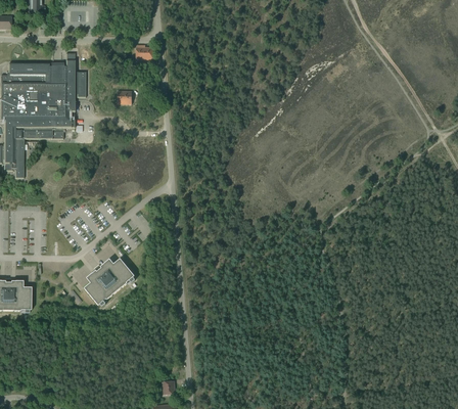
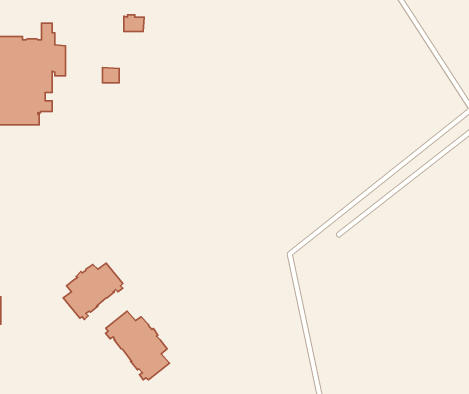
building: none -> [105,311,169,380]

